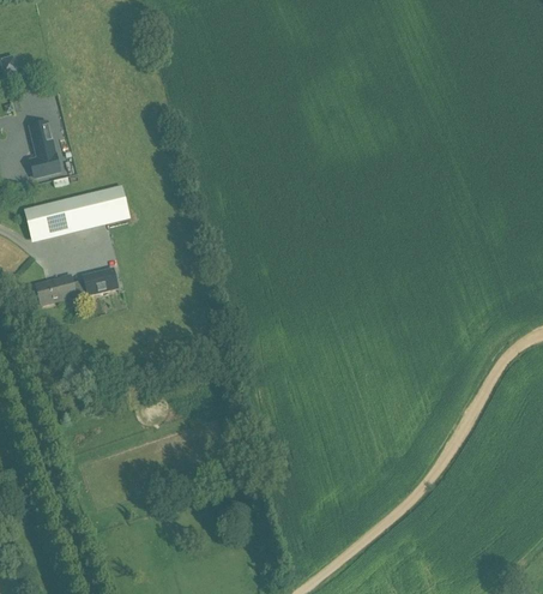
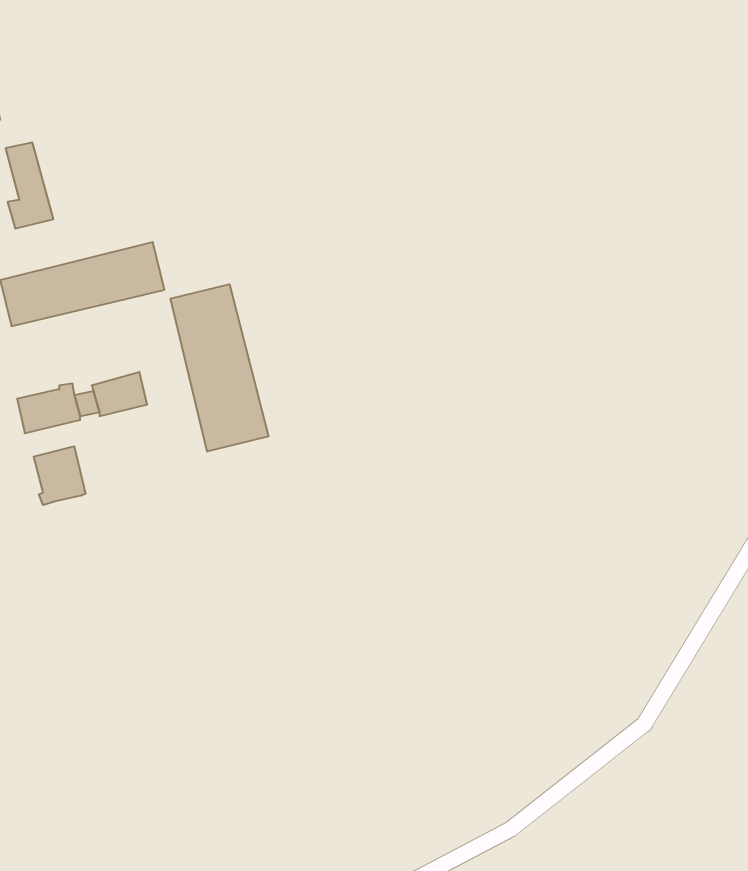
building: none -> [170,284,269,452]
building: none -> [34,446,86,505]

